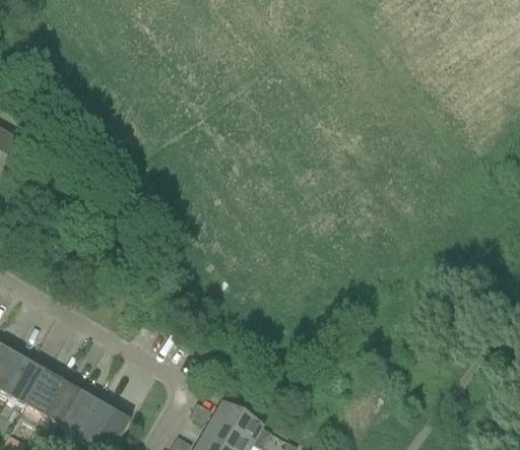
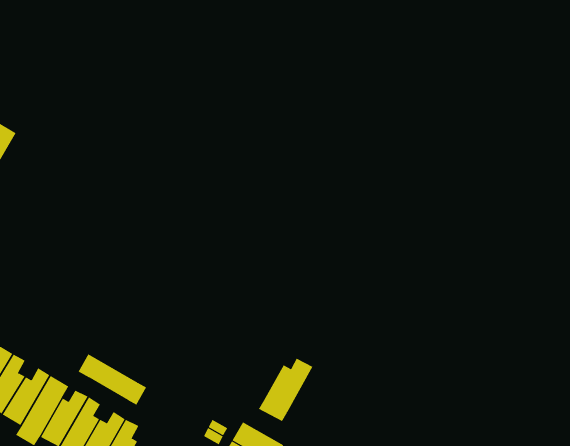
building: none -> [78,354,147,405]
building: none -> [258,358,313,422]

